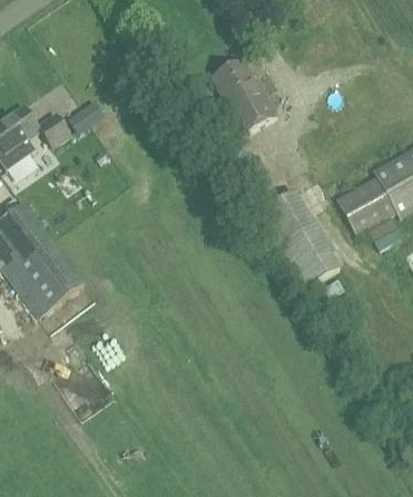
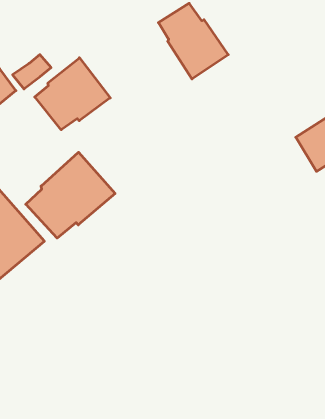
building: none -> [35,58,110,130]
building: none -> [26,152,115,238]

